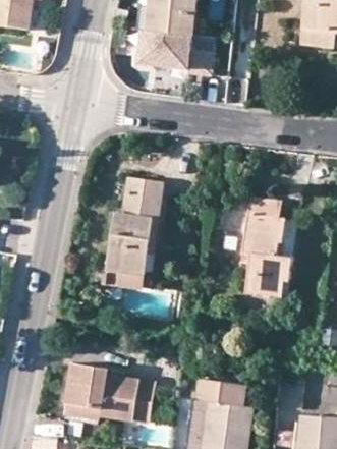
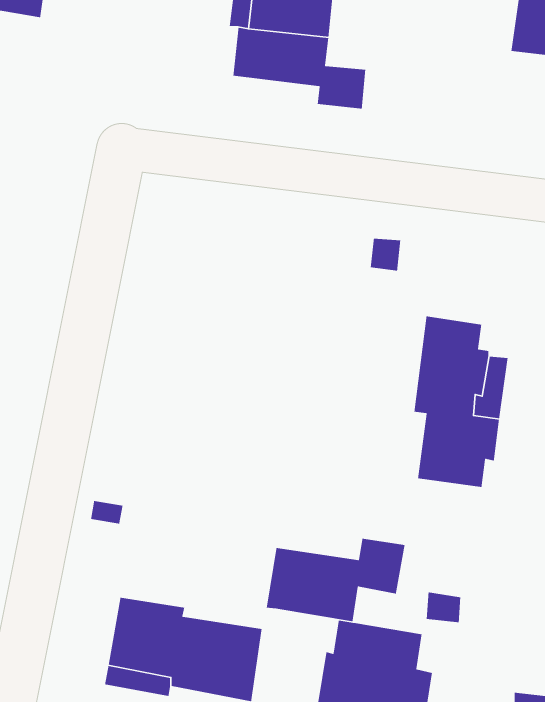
building: [103,175,163,286] -> none
building: none -> [266,538,406,622]

